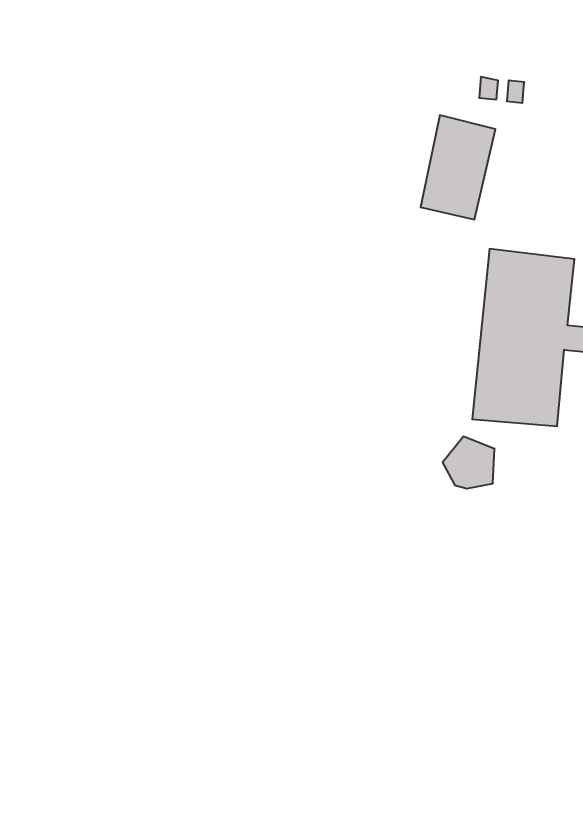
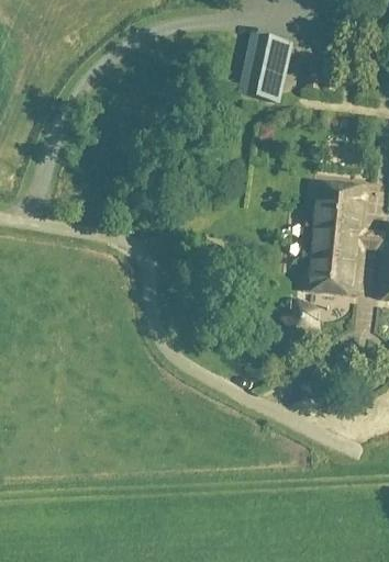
building: [421,115,495,219] -> [242,35,289,101]

